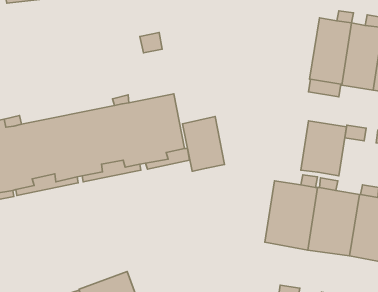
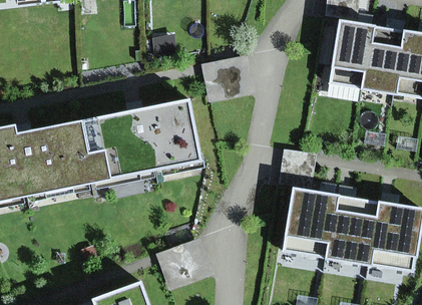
building: [183,116,225,171] -> none
building: [301,121,346,176] -> none

